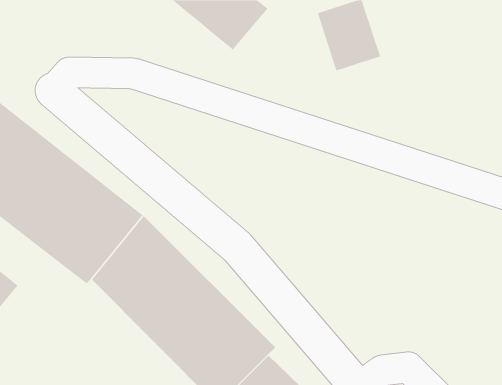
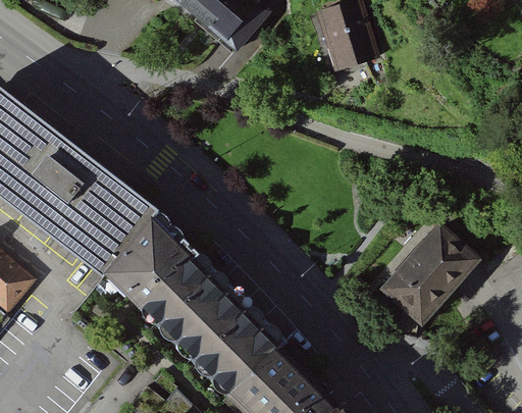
building: none -> [384,228,472,319]

